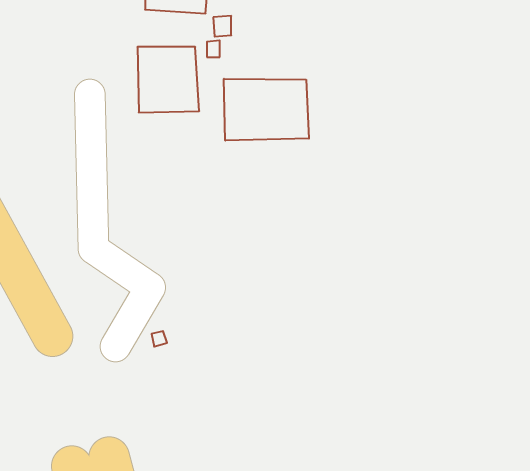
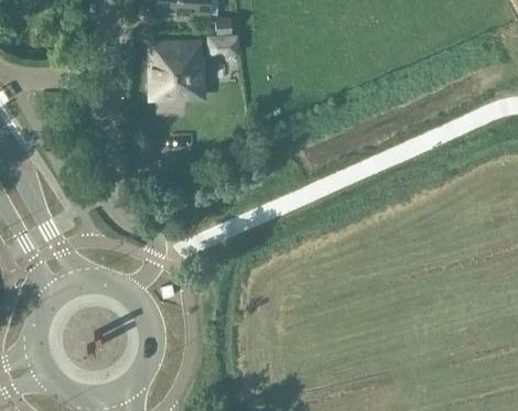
building: [224,79,309,141] -> none

